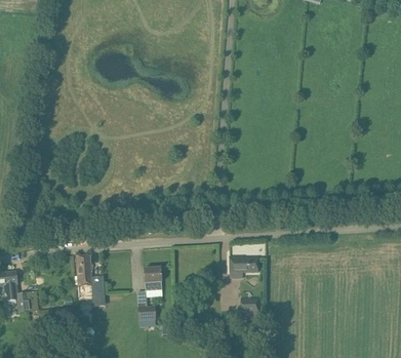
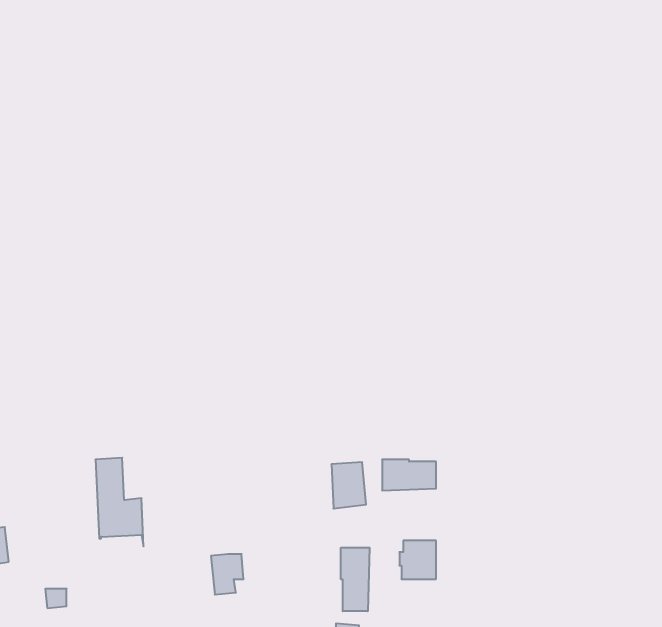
building: [145,267,163,291] -> [331,462,366,509]
building: none -> [341,548,370,611]

